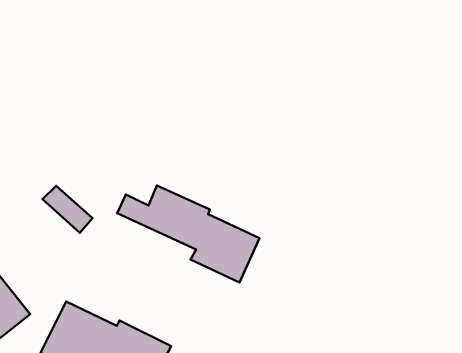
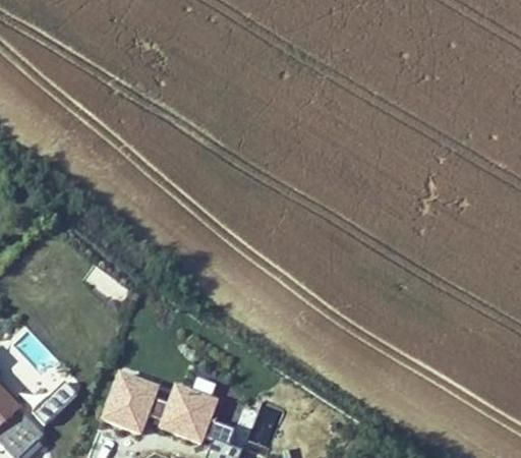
building: [117,185,259,283] -> none

